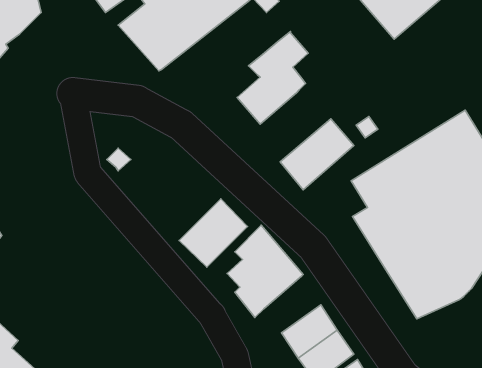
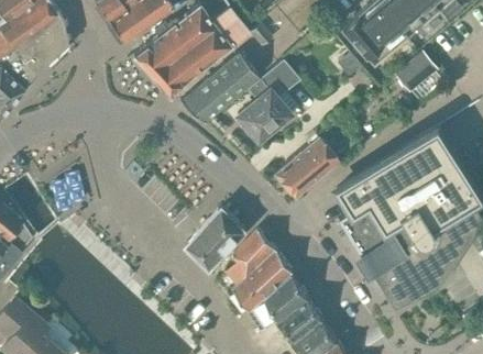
building: none -> [394,52,436,92]
building: none -> [180,53,257,122]
building: none -> [252,273,309,329]

